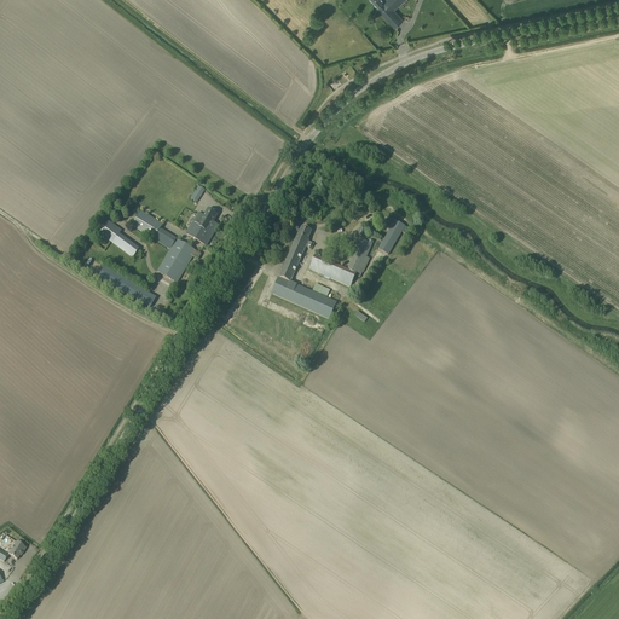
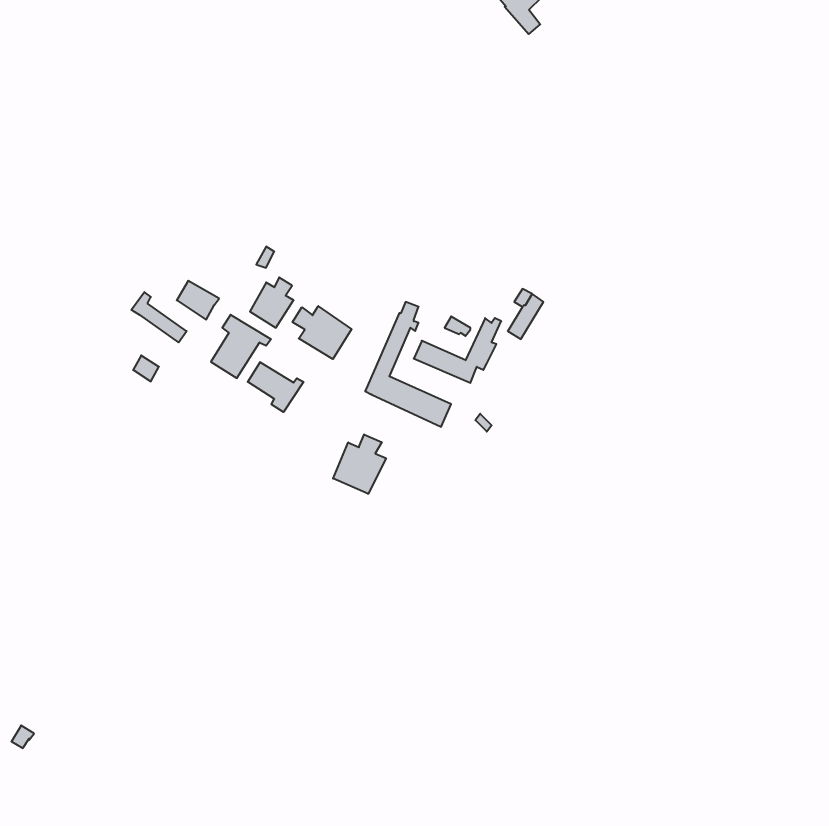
building: none -> [293,306,352,359]
building: none -> [248,362,303,412]
building: none -> [333,434,386,494]

